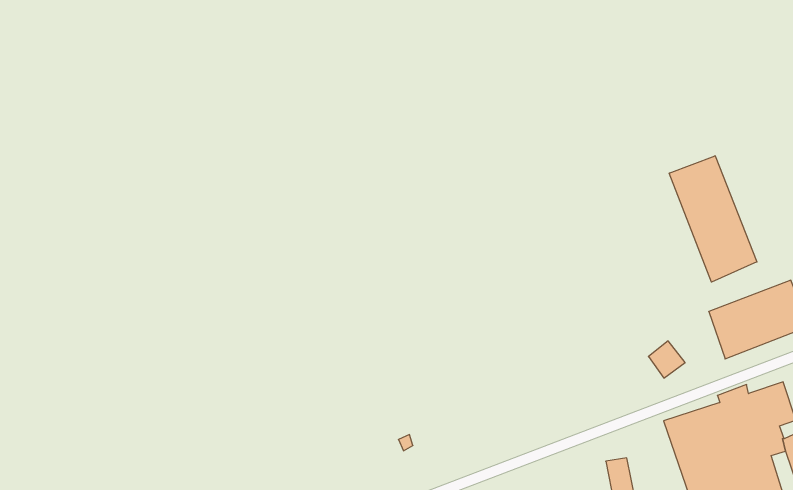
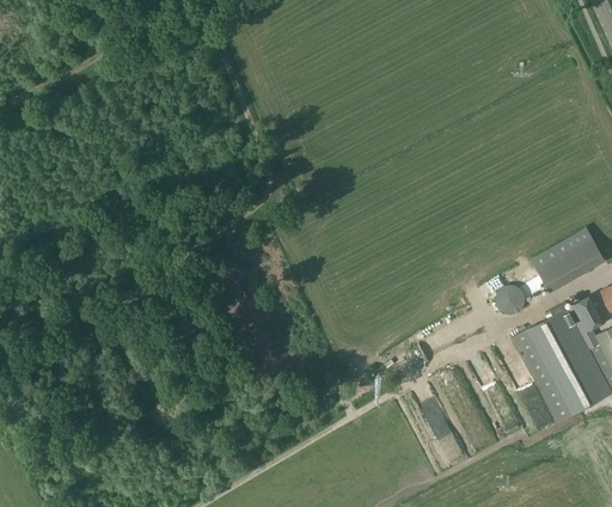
building: [669,156,757,282] -> none

